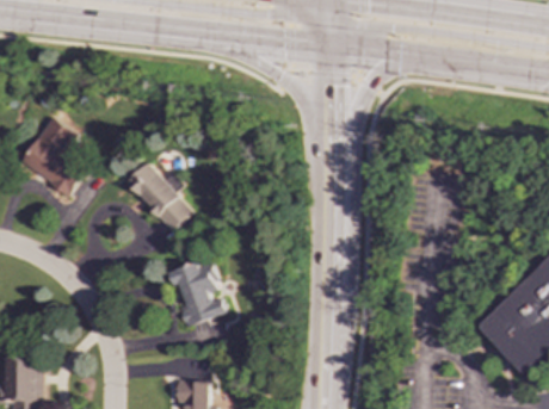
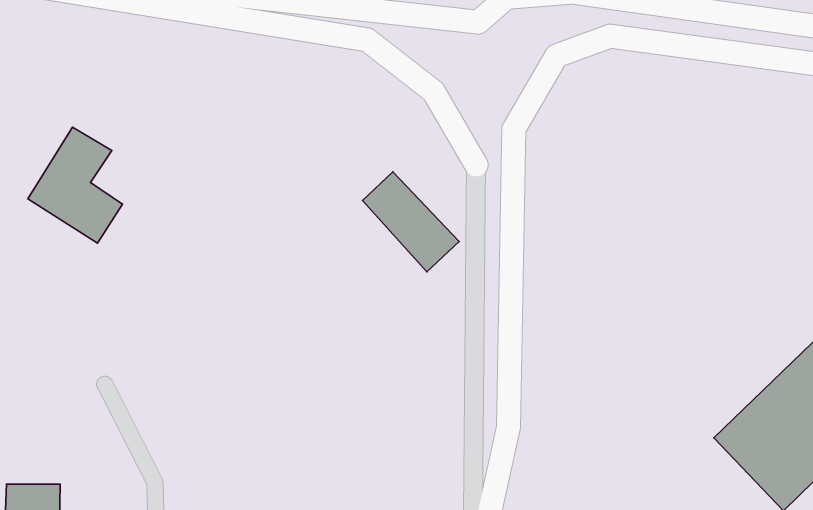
building: [128,163,192,230] -> [363,172,459,272]
building: [171,262,224,324] -> none

